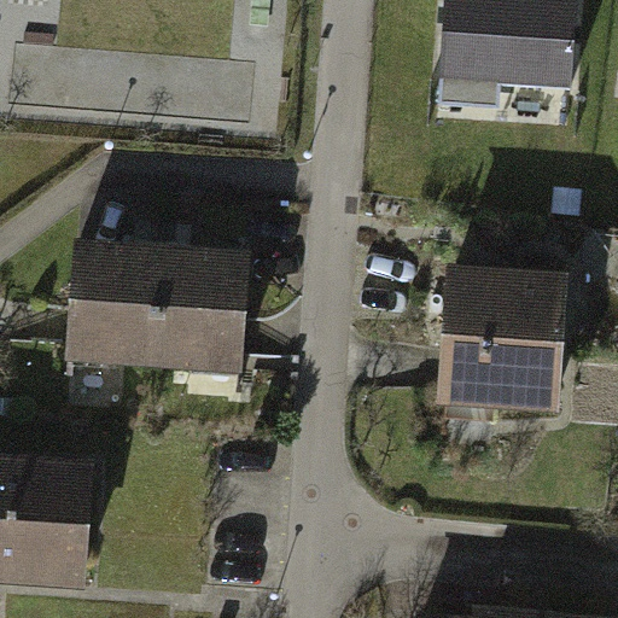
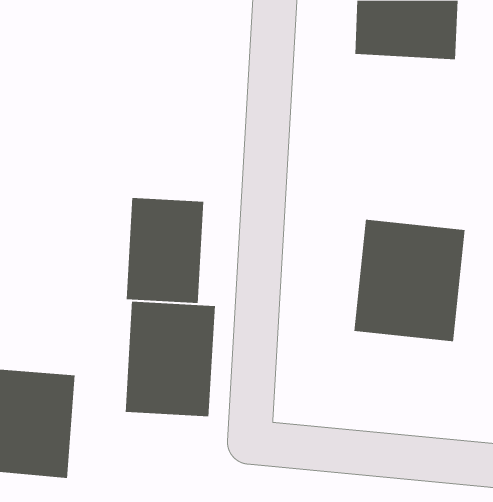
building: [65,237,162,368] -> none
building: none -> [125,301,215,417]

